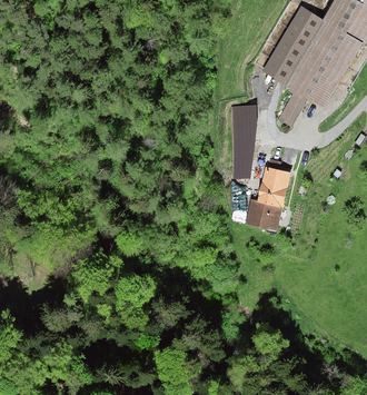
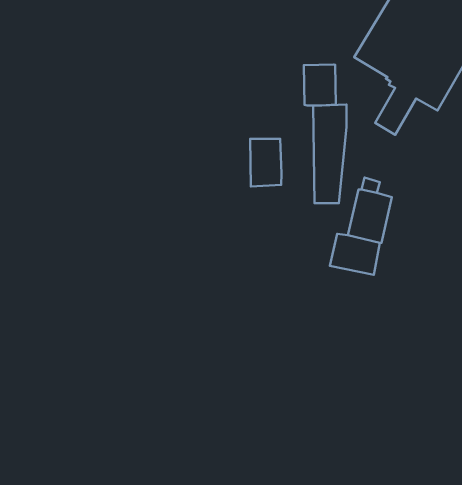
building: none -> [304,65,336,106]
building: none -> [250,139,282,186]

